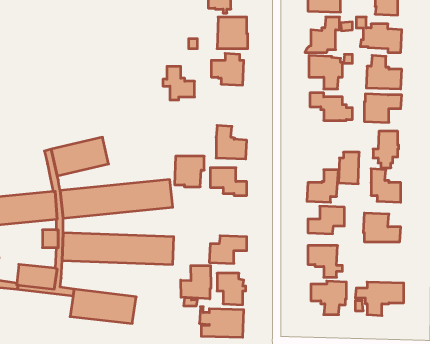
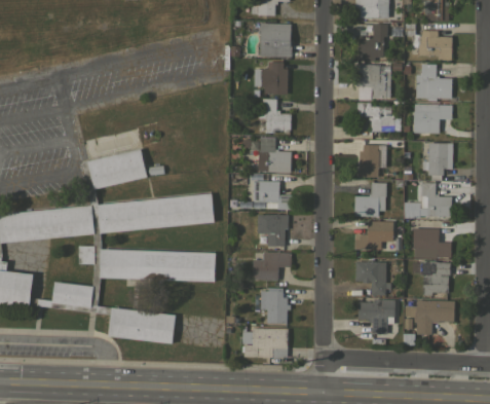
building: [163,66,195,100] -> [259,99,292,134]
building: [338,152,359,184] -> [359,145,380,178]
building: [175,156,204,187] -> [258,215,289,247]
building: none -> [413,261,451,295]
building: [181,266,211,299] -> none

